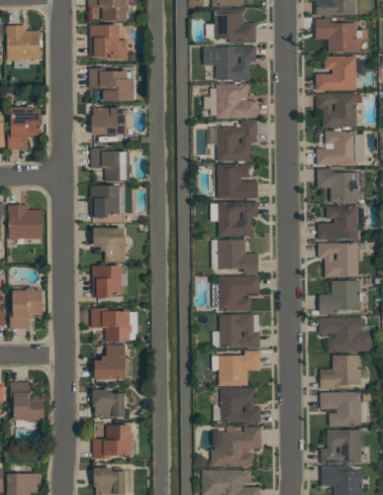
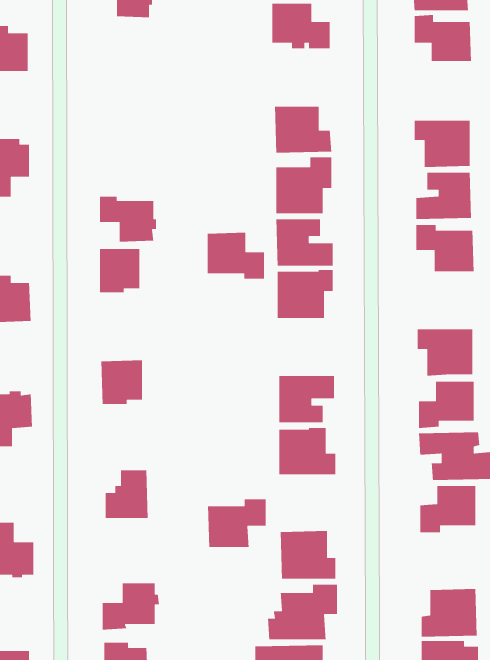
building: [89,24,126,59] -> none
building: [202,44,256,79] -> none
building: [315,56,356,90] -> none
building: [88,68,133,100] -> none
building: [91,106,124,133] -> none
building: [317,205,358,239] -> none
building: [93,227,123,262] -> none
building: [216,238,258,273] -> [207,232,265,280]
building: [90,308,131,340] -> none
building: [217,350,260,385] -> [207,498,266,548]
building: [92,389,124,417] -> none
building: [319,391,360,426] -> none

